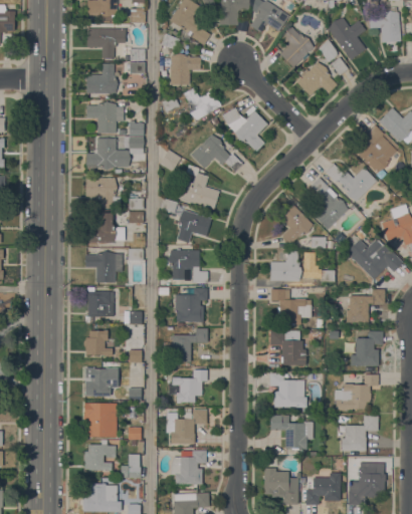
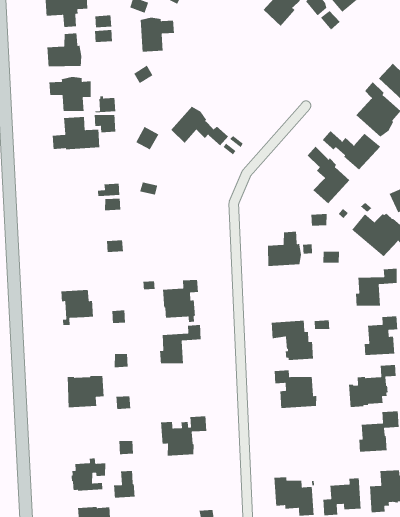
building: [296,62,337,95] -> none
building: [183,87,221,120] -> none
building: [222,107,267,152] -> none
building: [177,166,219,209] -> none
building: [85,178,120,207] -> none
building: [279,204,313,244] -> none
building: [177,210,211,243] -> none
building: [84,213,125,243] -> none
building: [168,250,207,282] -> none
building: [84,253,122,282] -> none
building: [269,289,311,325] -> none
building: [84,330,112,355] -> none
building: [172,369,207,403] -> none
building: [83,403,117,438] -> none
building: [269,415,313,449] -> none
building: [171,450,206,484] -> none

